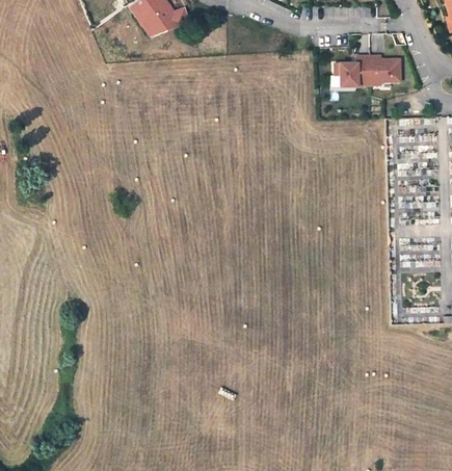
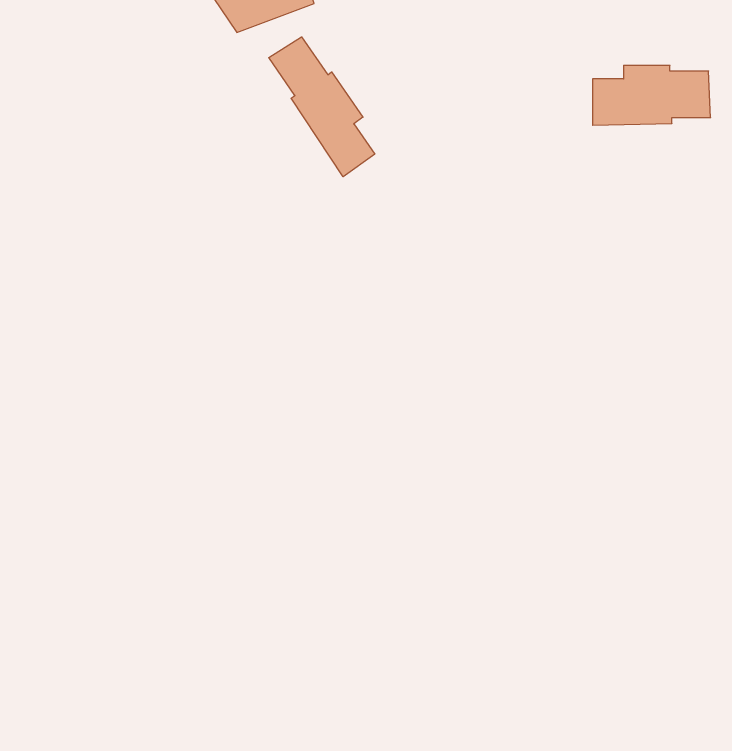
building: none -> [269,37,375,177]

